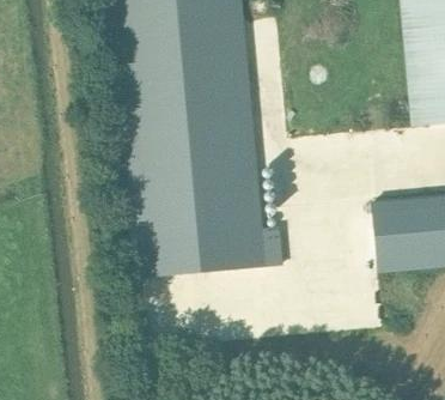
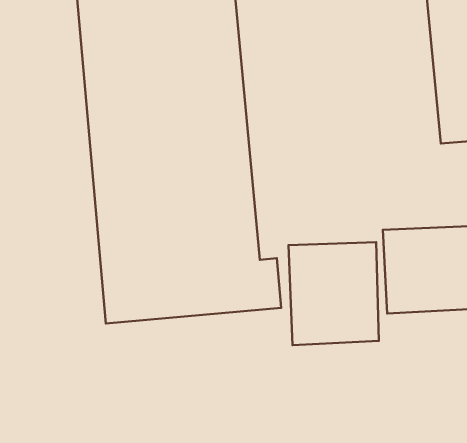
building: none -> [288,242,379,345]

